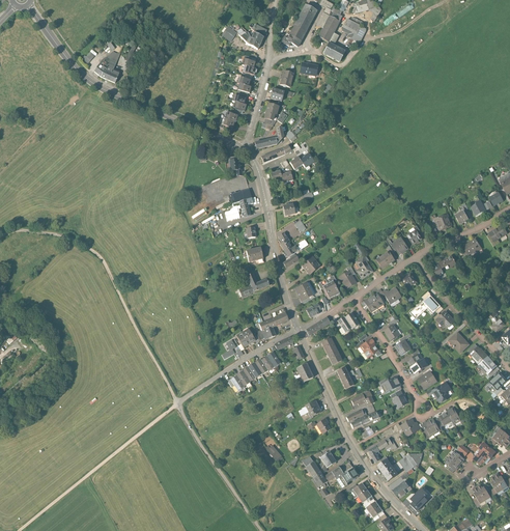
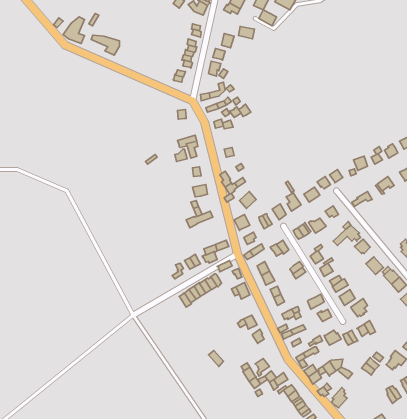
building: none -> [91,35,119,55]

